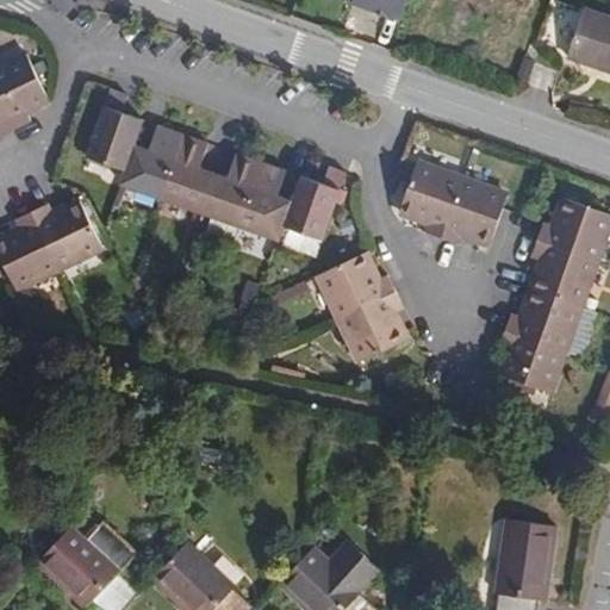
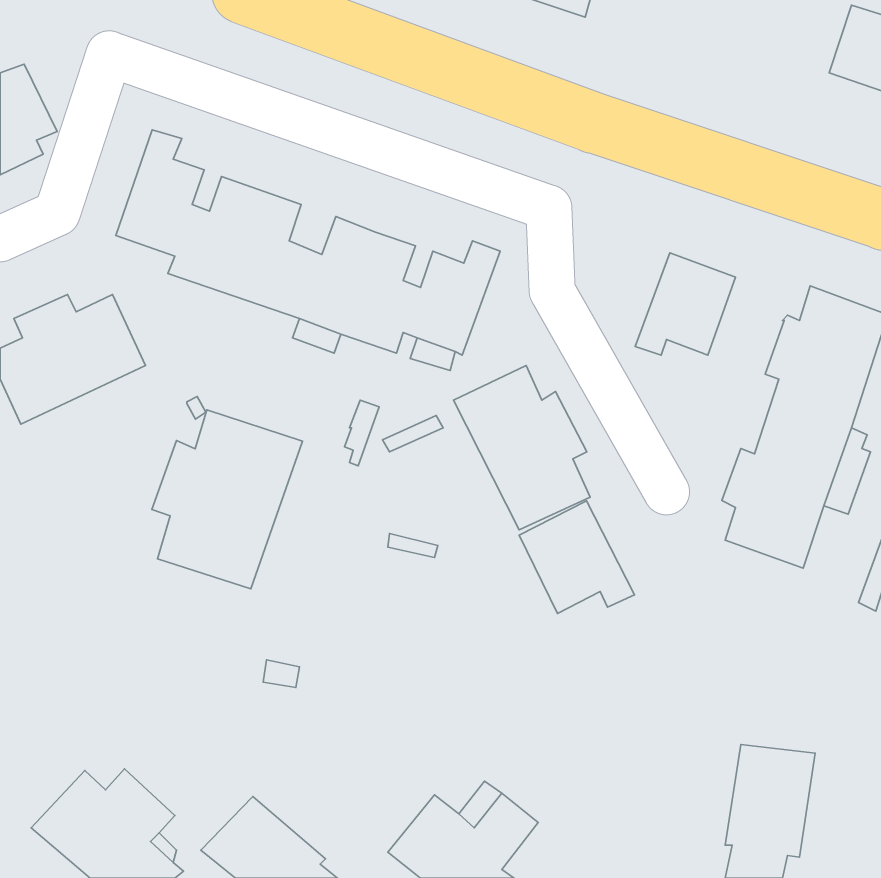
building: [399,157,463,238] -> none
building: none -> [152,410,303,589]
building: none -> [519,501,634,613]

